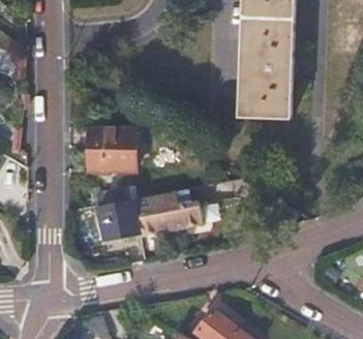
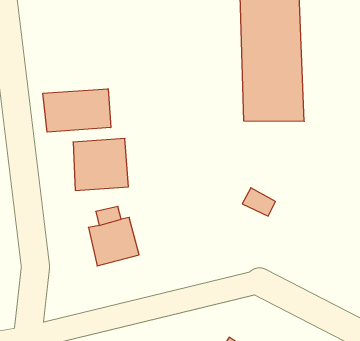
building: none -> [43,89,111,132]
building: [134,191,195,236] -> none

